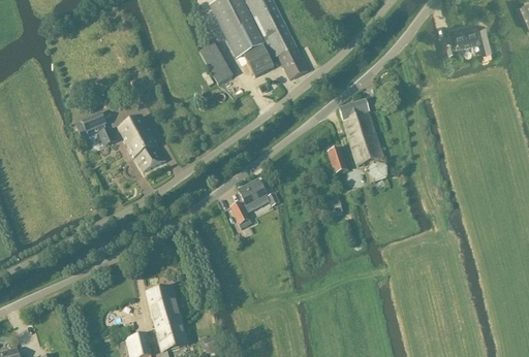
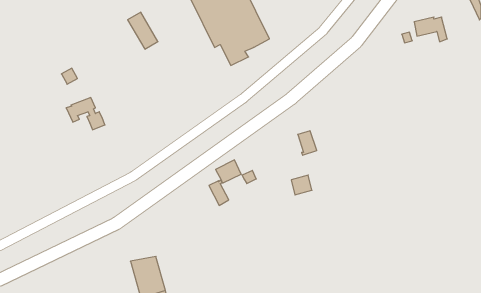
building: [198,43,231,84] -> [128,12,158,49]
building: [278,47,307,77] -> none
building: [339,101,388,182] -> none
building: [118,115,164,171] -> none

